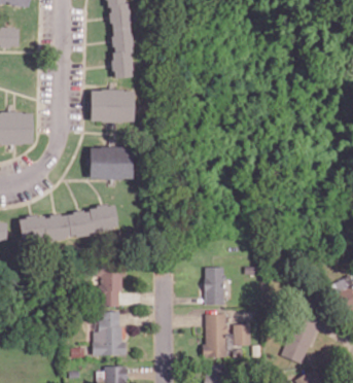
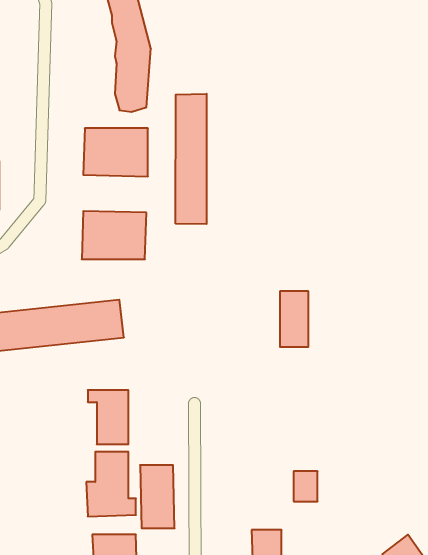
building: none -> [176,94,207,224]
building: [206,267,225,305] -> [280,291,308,347]
building: [205,314,228,357] -> [140,465,175,528]
building: [284,314,319,364] -> none

